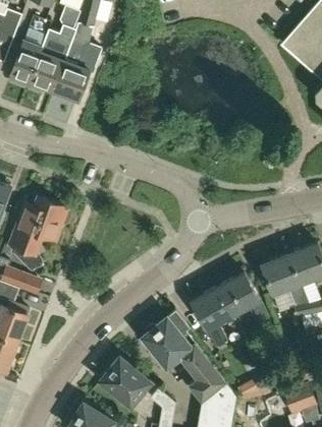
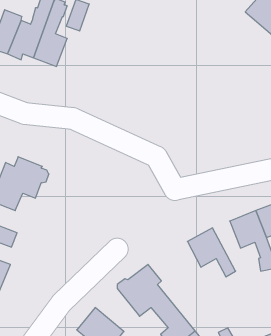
building: [191,286,231,346] -> none

